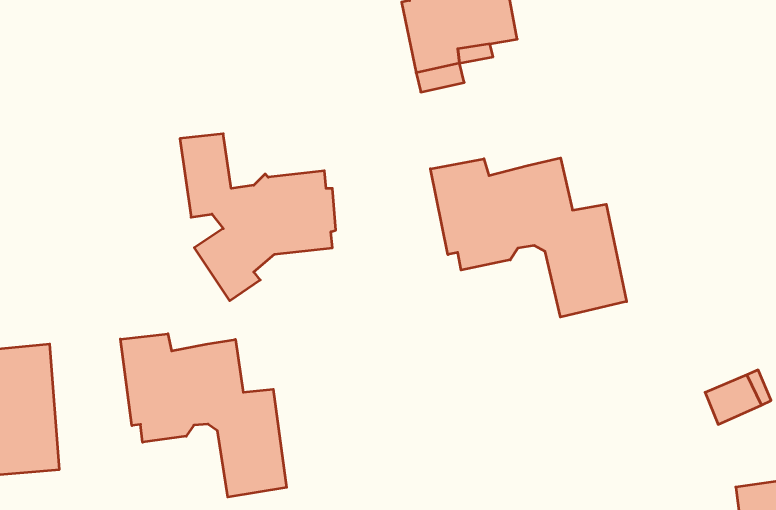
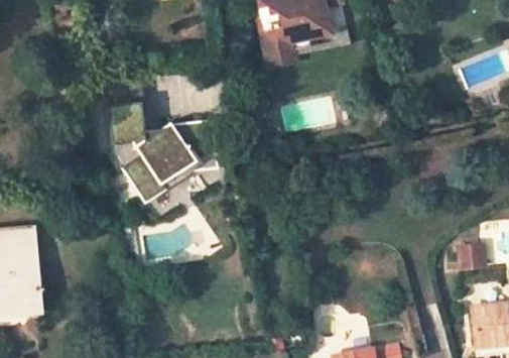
building: [430,158,627,317] -> none
building: [120,334,287,497] -> none

